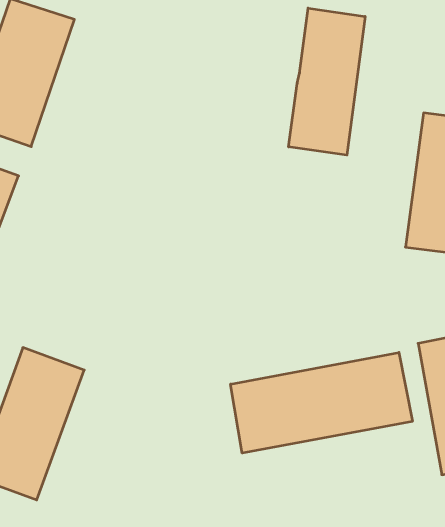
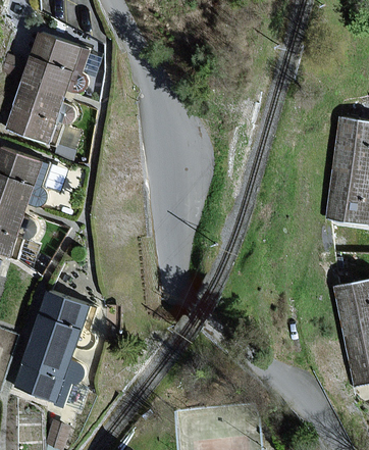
building: [289,8,365,155] -> none
building: [231,352,412,453] -> none

